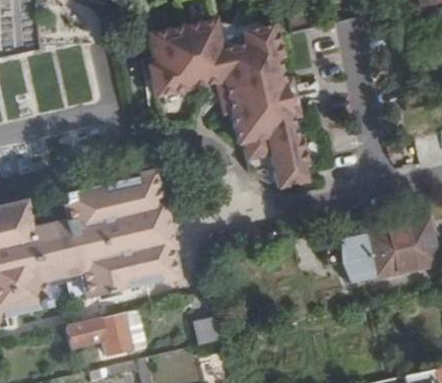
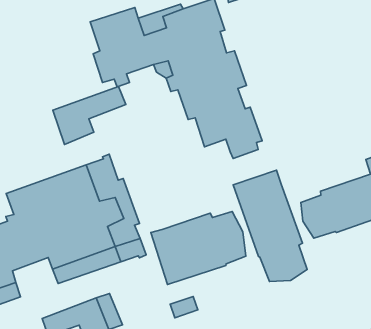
building: none -> [53,86,126,144]
building: none -> [233,170,307,282]
building: none -> [151,211,246,285]

